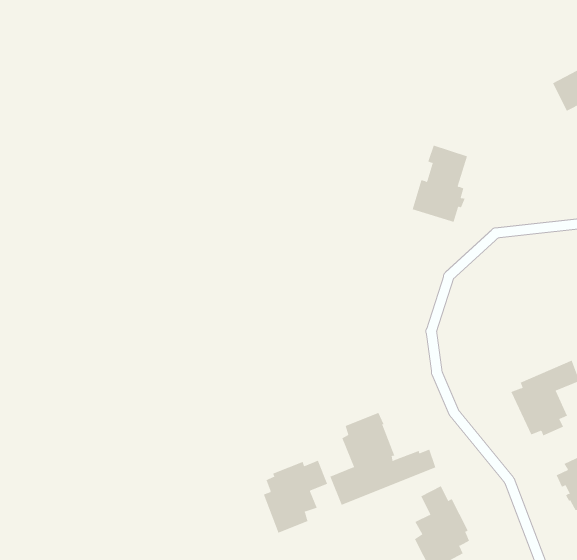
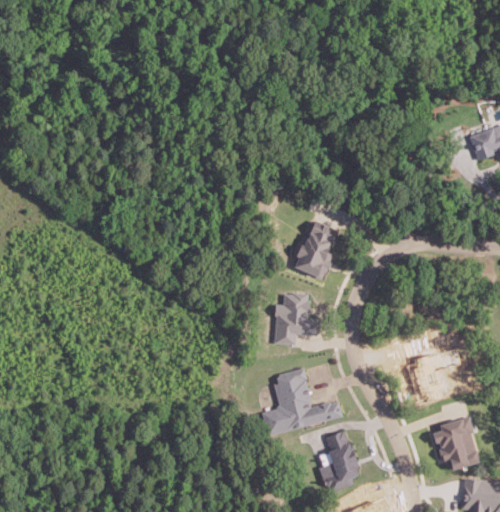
building: [412,145,468,222] -> [290,218,338,279]
building: none -> [273,293,317,346]
building: [263,460,328,533] -> none

